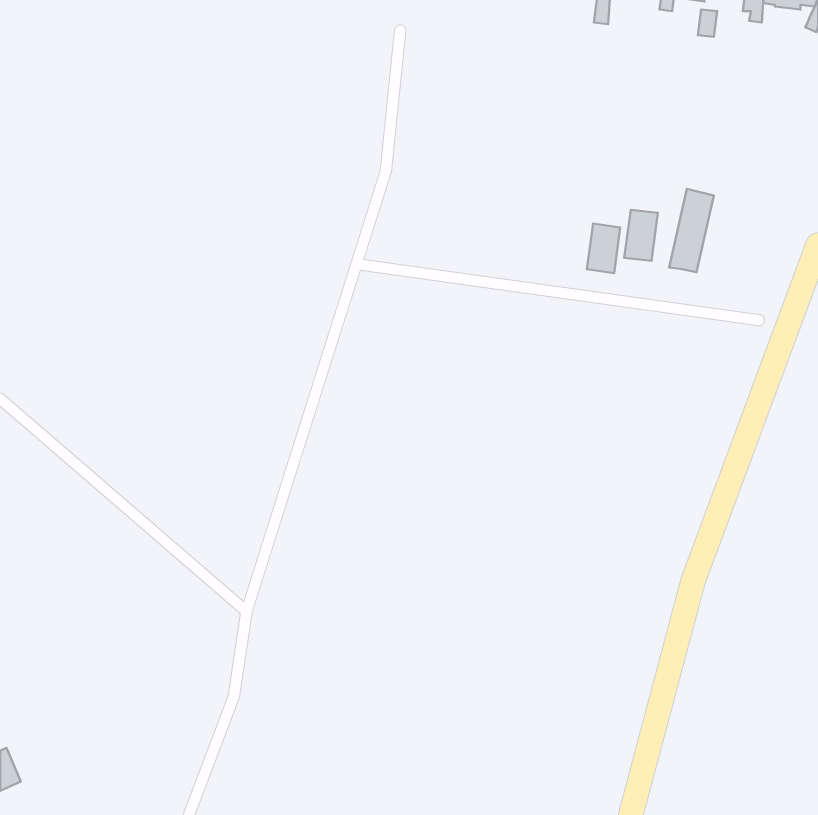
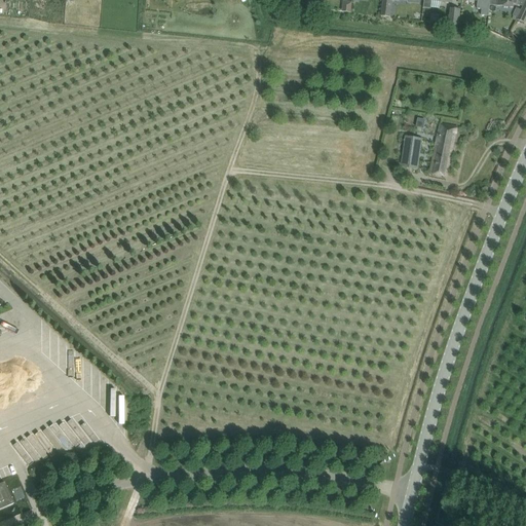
building: [587,223,620,273] -> none

